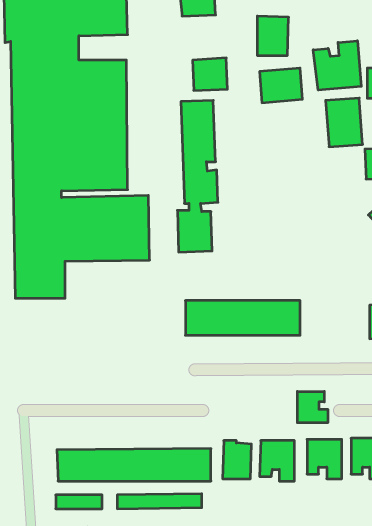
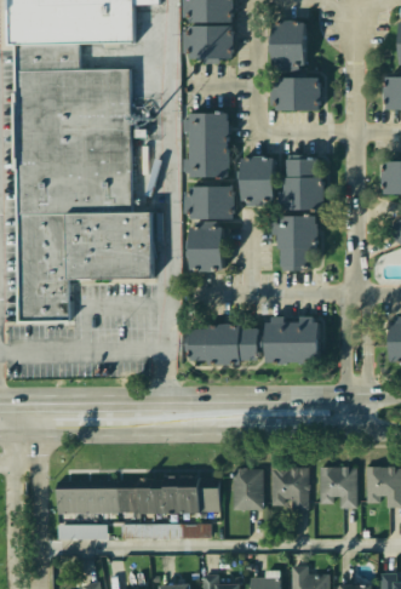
building: [313,41,361,90] -> none
building: [193,58,227,90] -> [190,25,227,59]
building: [326,98,363,147] -> [282,159,321,210]
building: none -> [240,158,274,199]
building: none -> [276,218,317,270]
building: [297,391,328,423] -> none

